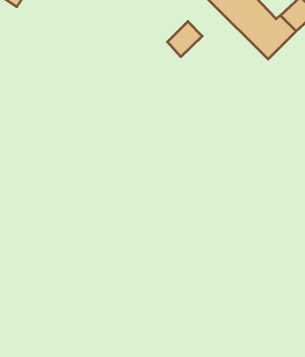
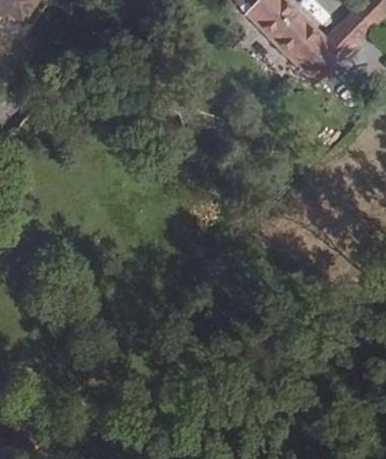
building: [167,21,202,57] -> none

